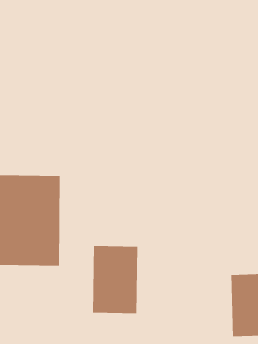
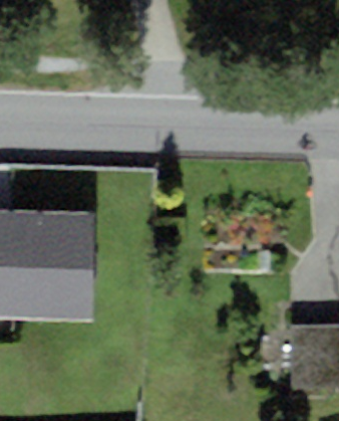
building: [92,245,138,314] -> none

